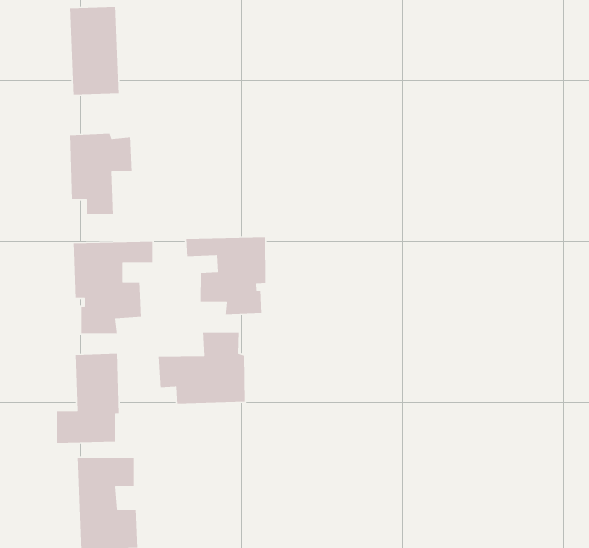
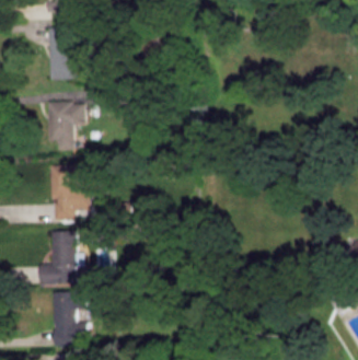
building: [185,237,266,315] -> none
building: [158,332,246,404] -> none

